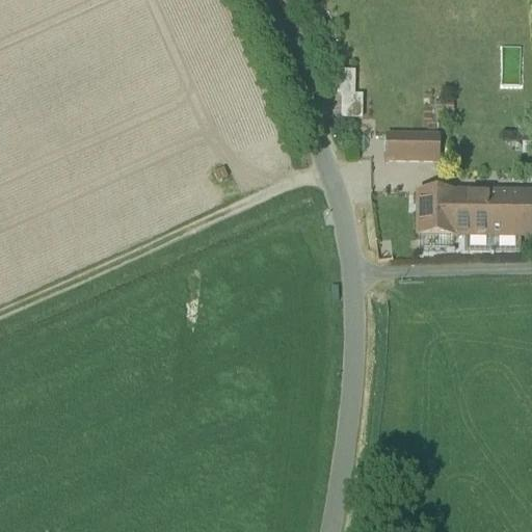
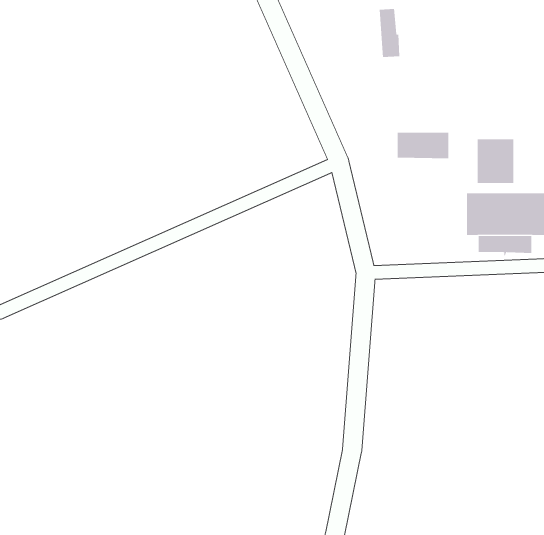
building: [338,62,358,110] -> [379,8,400,57]
building: [419,187,455,231] -> [477,139,514,183]

